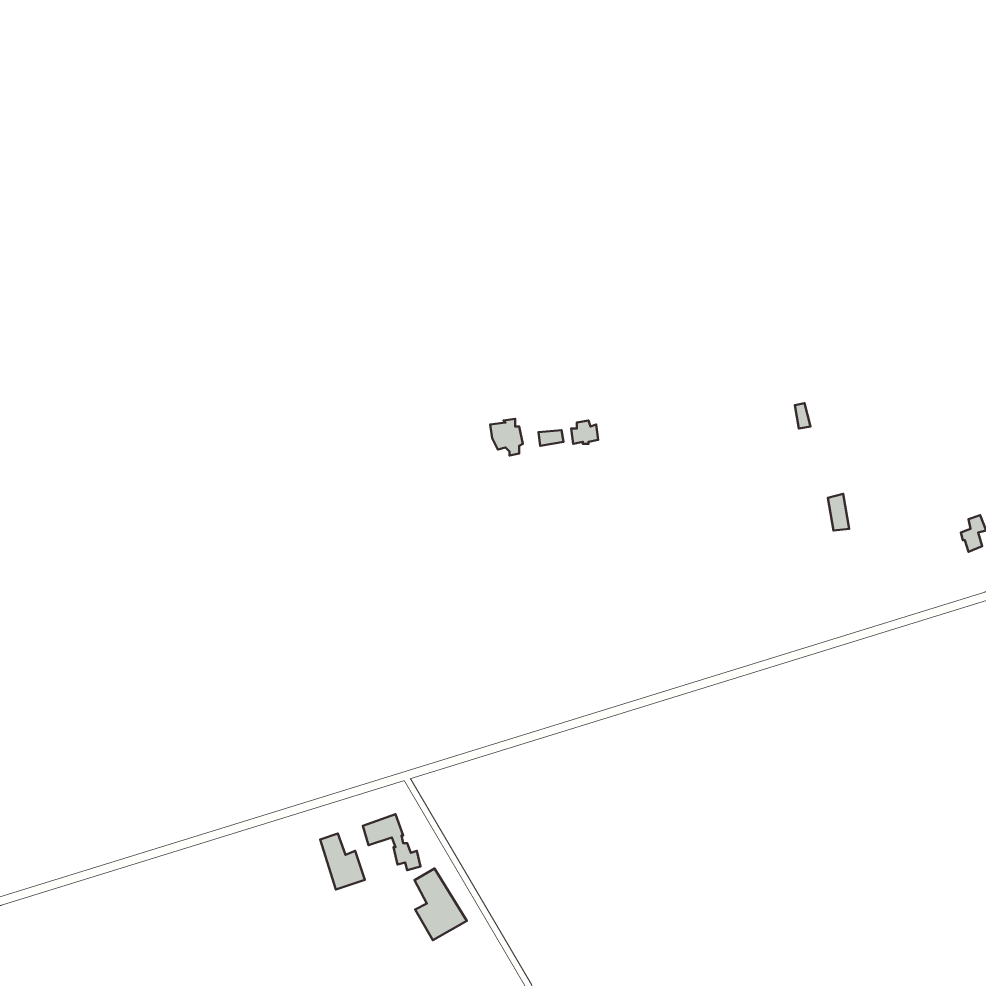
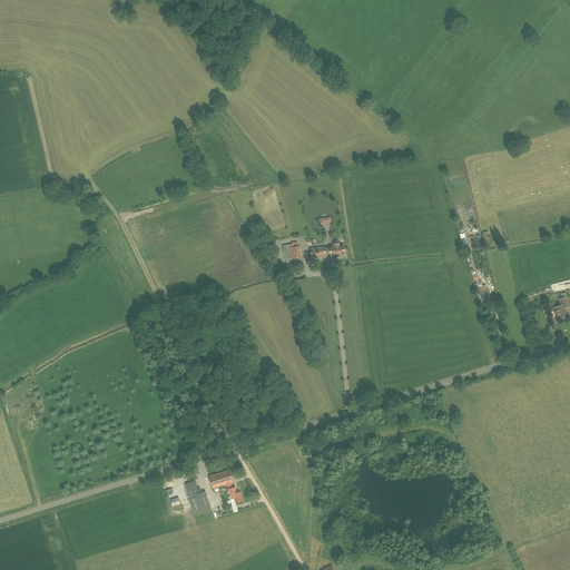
building: [414,868,467,940] -> none

